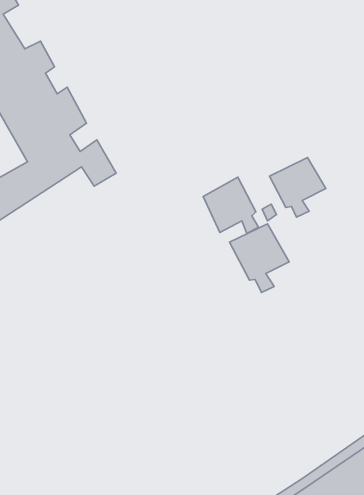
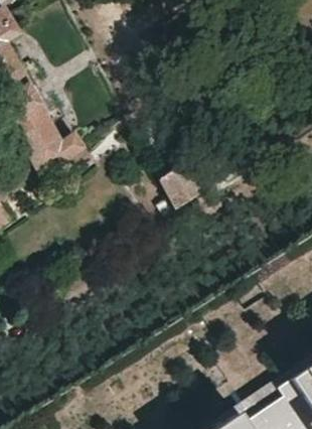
building: [269,158,326,217] -> none
building: [230,224,289,293] -> none

